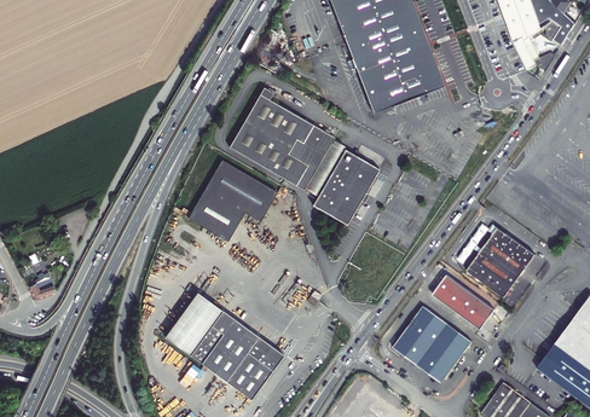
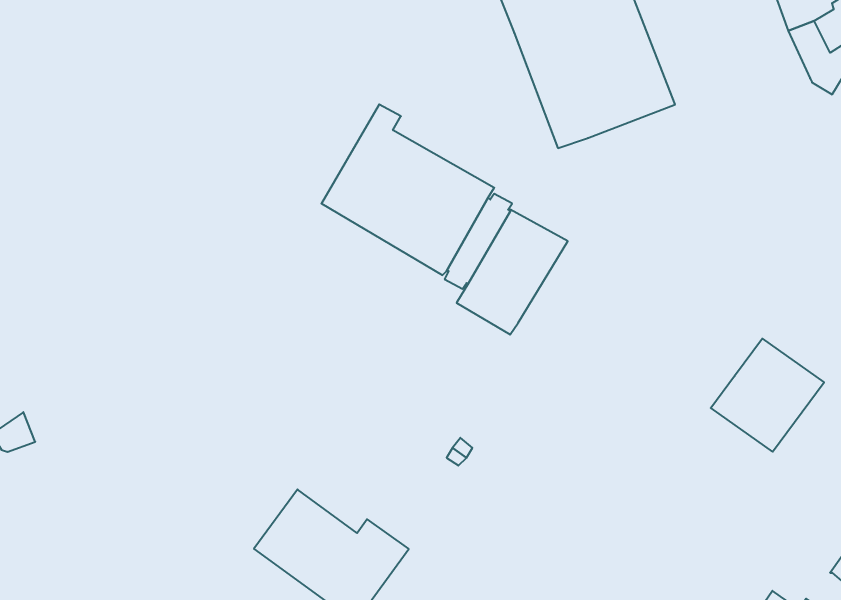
building: [189,158,277,239] -> none
building: [432,273,499,328] -> none
building: [164,294,258,355] -> none
building: [393,305,472,381] -> none

